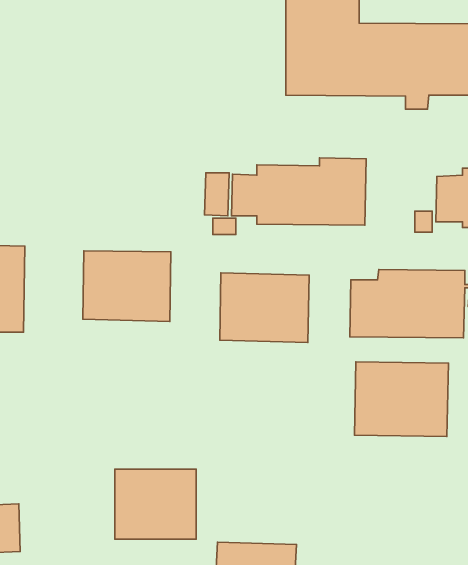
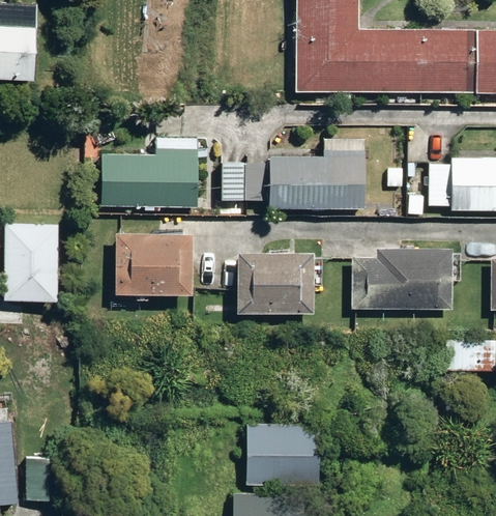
building: none -> [101,138,197,209]
building: [354,362,448,437] -> none
building: [115,469,196,539] -> [245,423,318,485]

